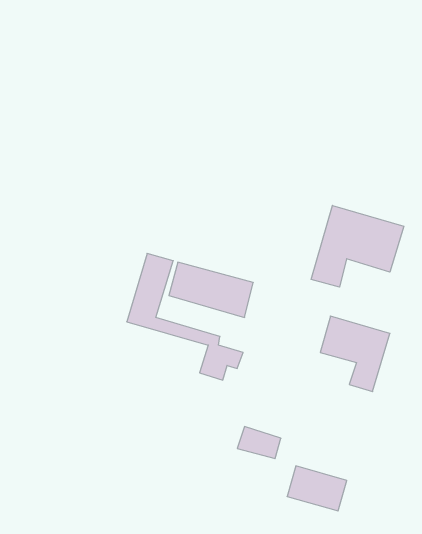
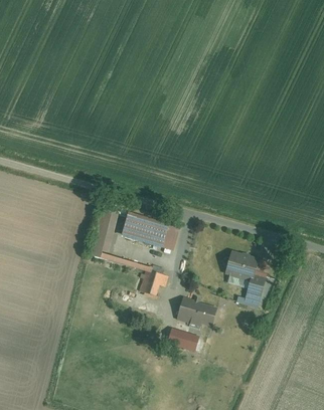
building: [311,205,404,287] -> none
building: [287,466,347,511] -> [177,295,218,327]

